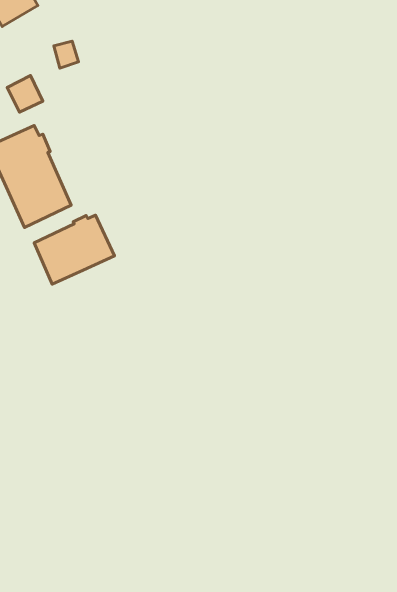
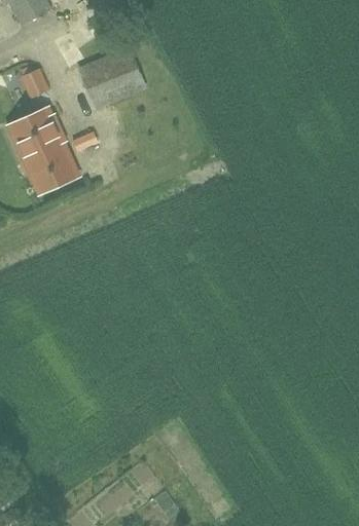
building: none -> [76,44,146,109]
building: [34,215,114,284] -> none

